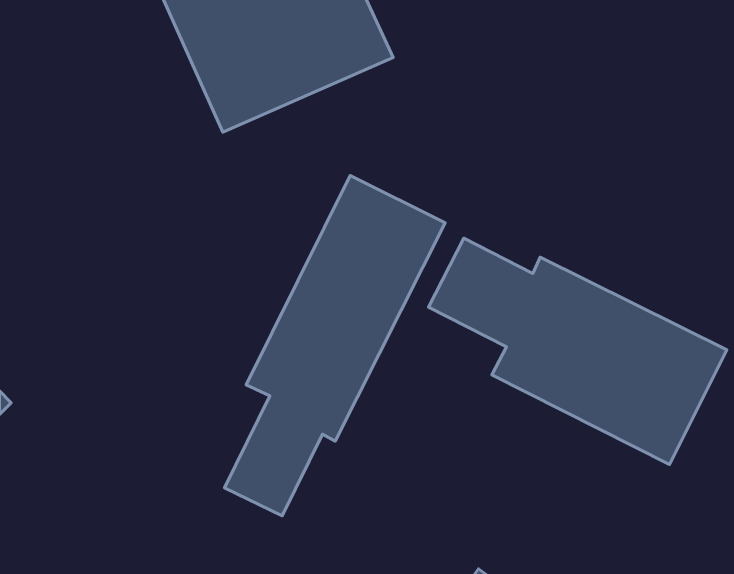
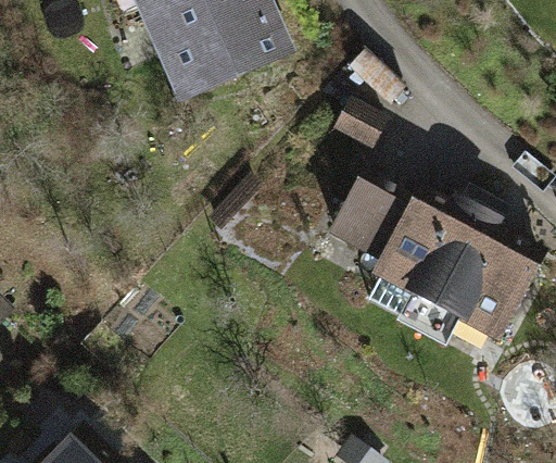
building: [224,175,445,516] -> none

